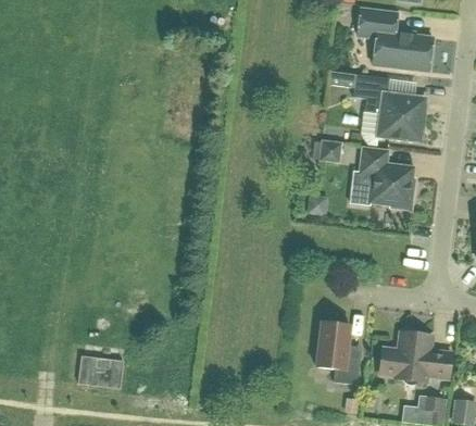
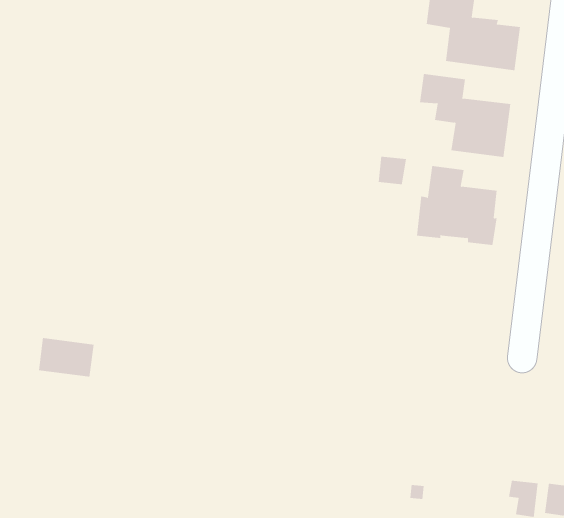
building: [315,322,361,384] -> none
building: [379,331,451,381] -> none
building: [78,356,123,388] -> [38,337,94,377]

